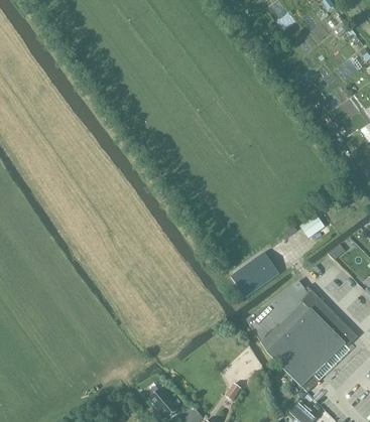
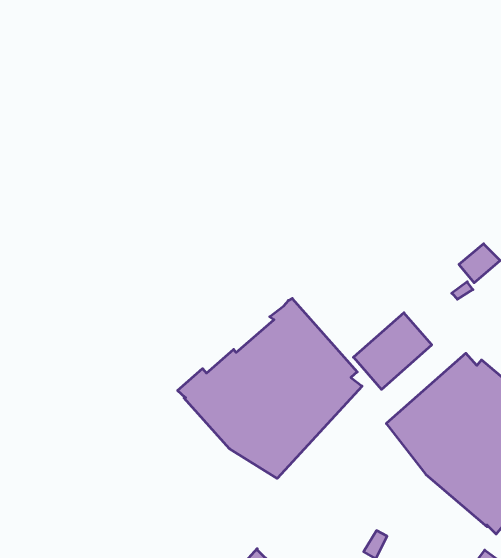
building: none -> [178,298,362,478]

